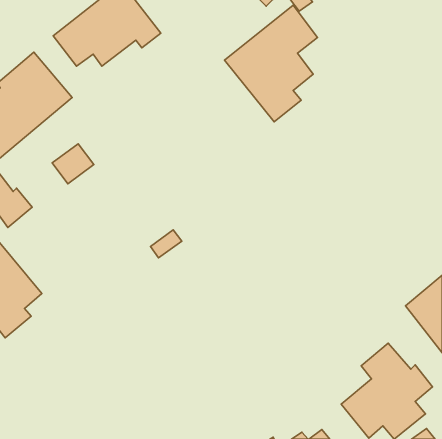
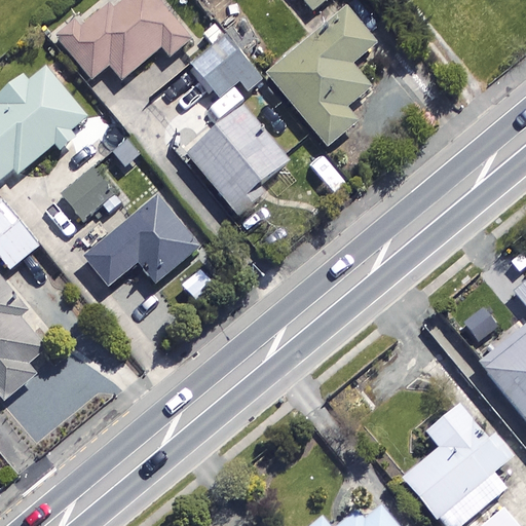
building: none -> [193,37,260,97]
building: none -> [189,109,289,209]
building: none -> [84,196,198,287]

